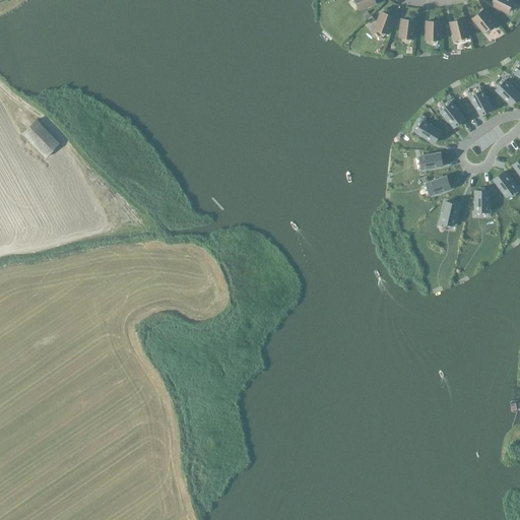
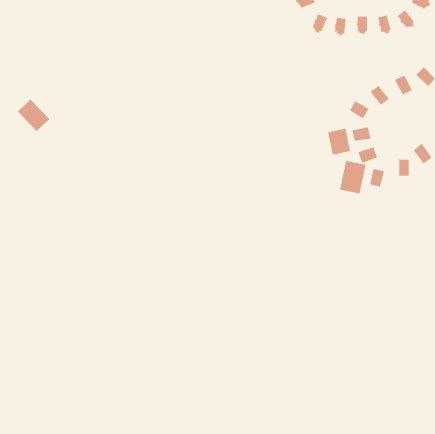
building: none -> [328,128,351,155]
building: none -> [340,160,366,194]

